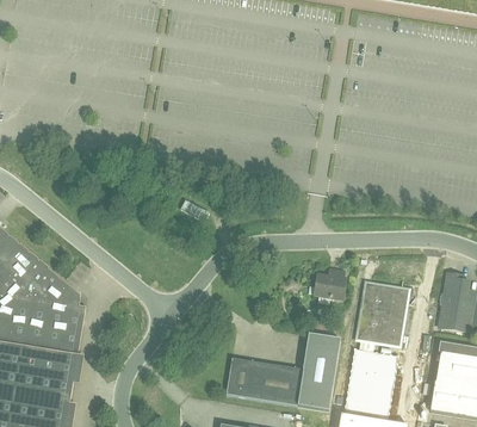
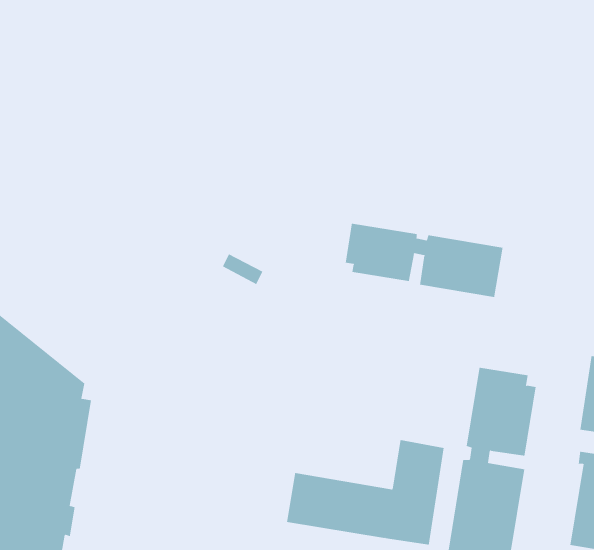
building: none -> [345,223,503,298]
building: [314,268,345,299] -> none

